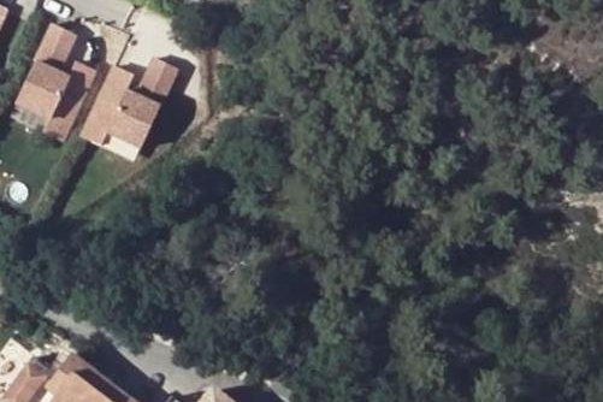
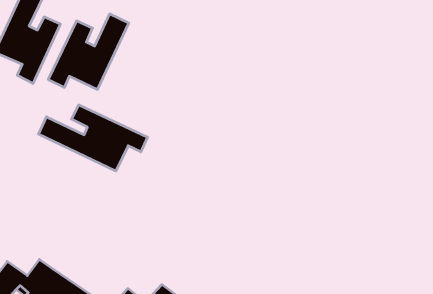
building: none -> [38,105,147,171]

